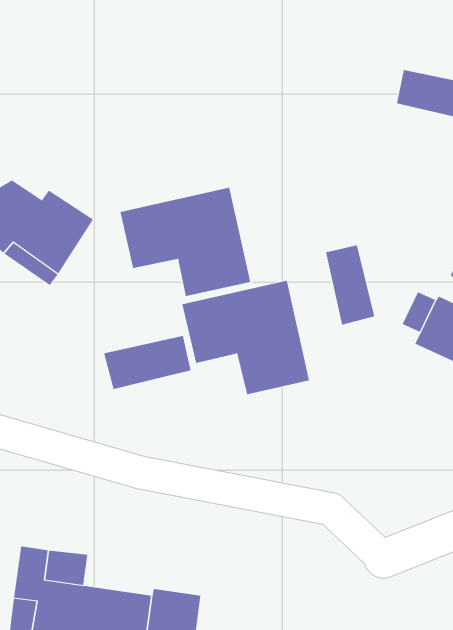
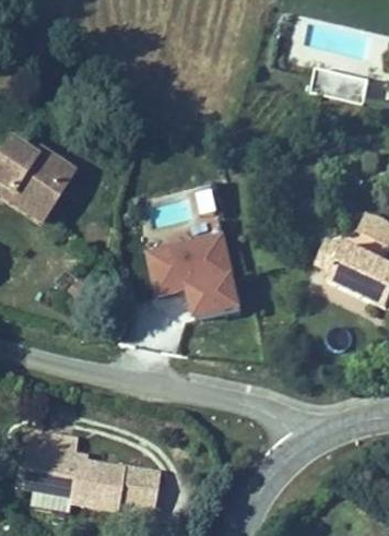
building: [120,187,251,297] -> none
building: [326,245,375,325] -> none
building: [104,335,191,390] -> none

